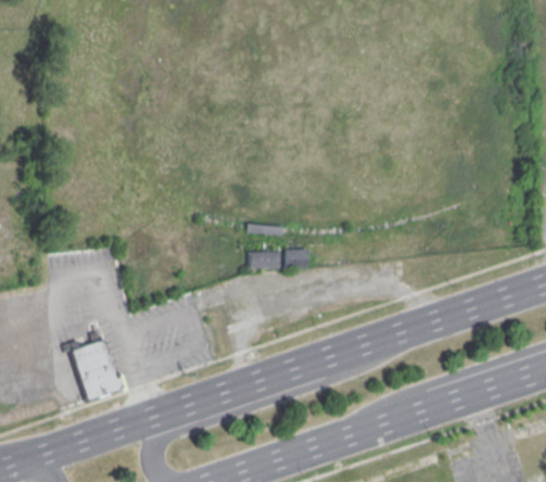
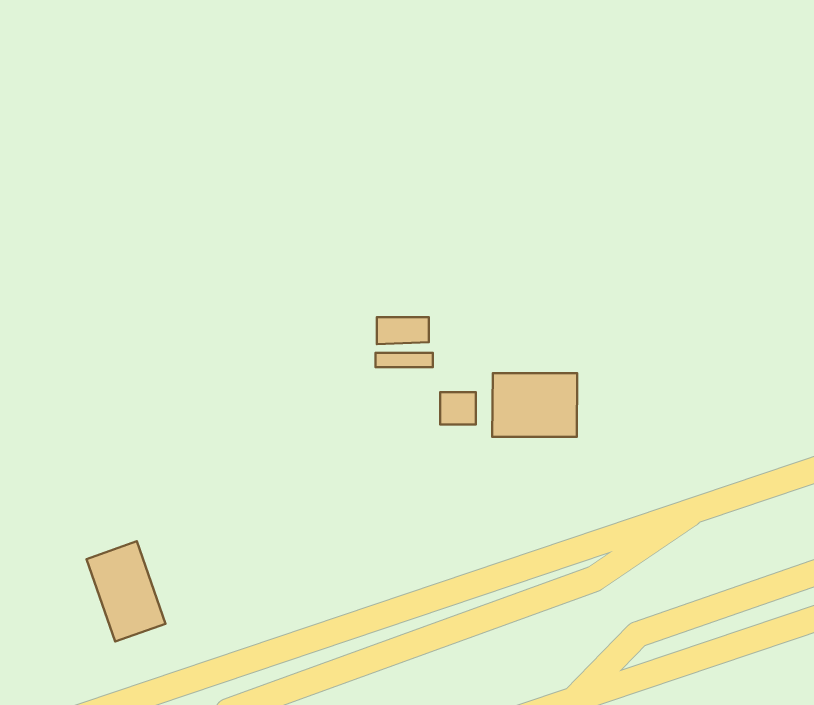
building: none -> [492,373,577,437]
building: [249,253,280,269] -> [377,317,429,344]

